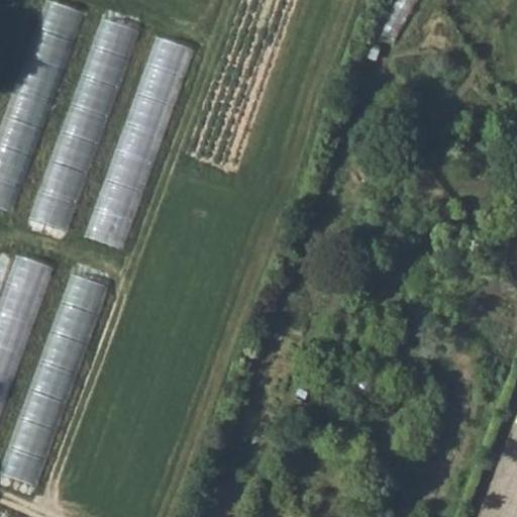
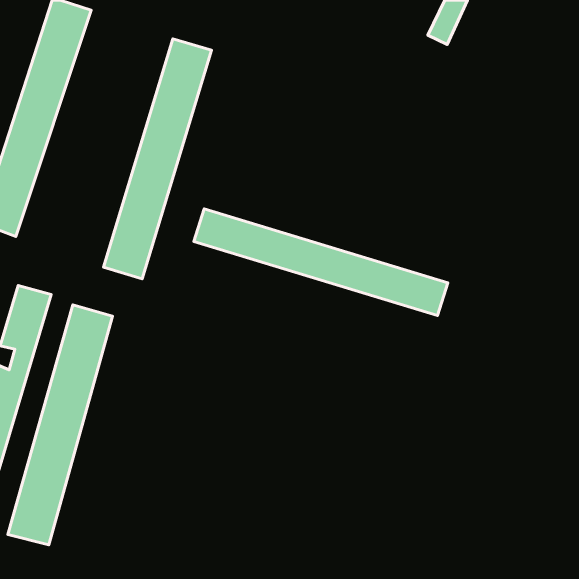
building: [33,17,135,231] -> none
building: none -> [194,209,448,316]

